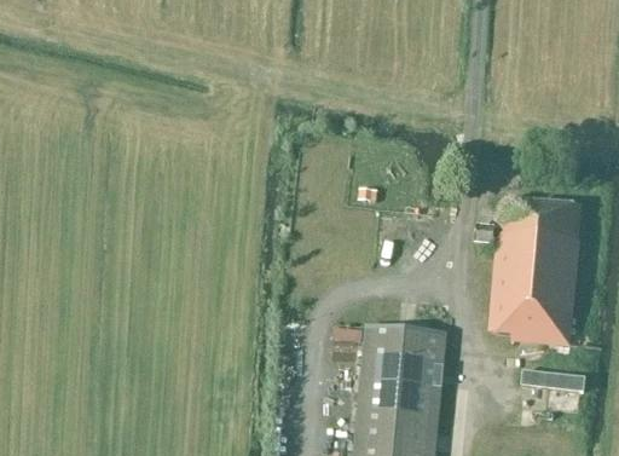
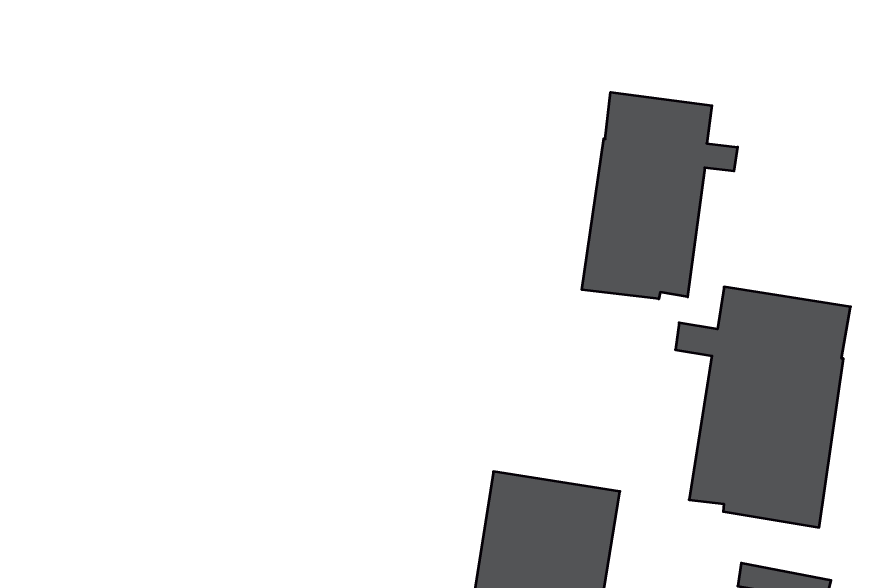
building: none -> [582,92,738,299]

